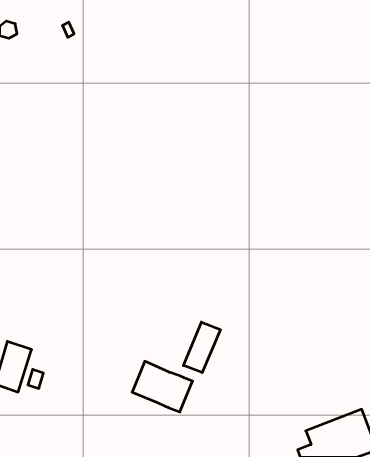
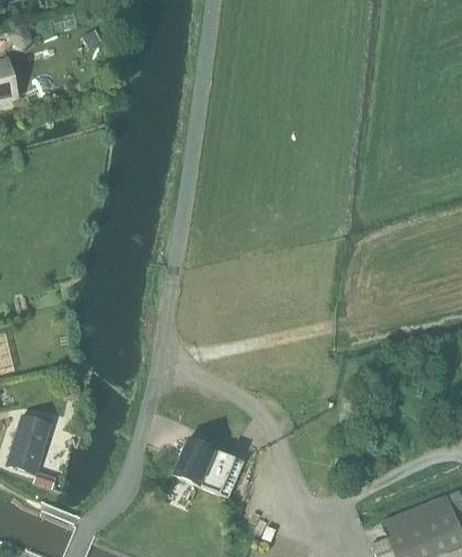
building: [183,322,220,373] -> none

